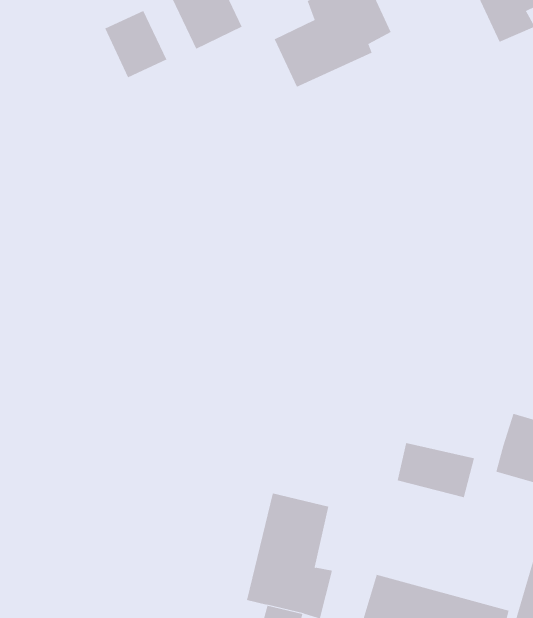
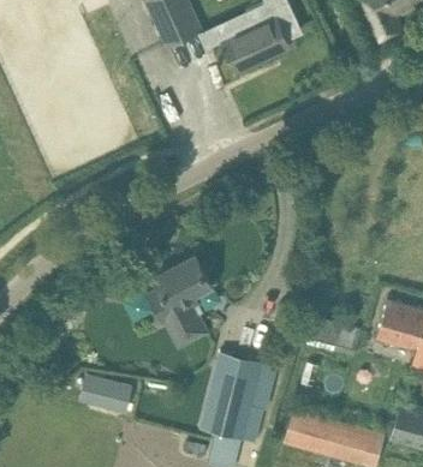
building: [104,10,167,78] -> none
building: none -> [145,256,211,348]
building: none -> [82,373,117,406]

